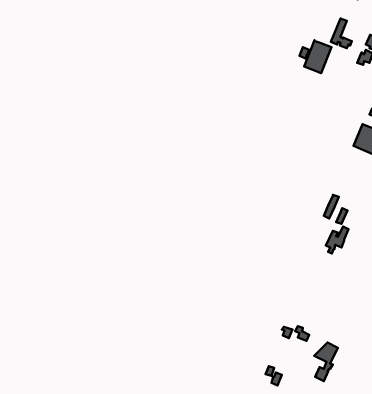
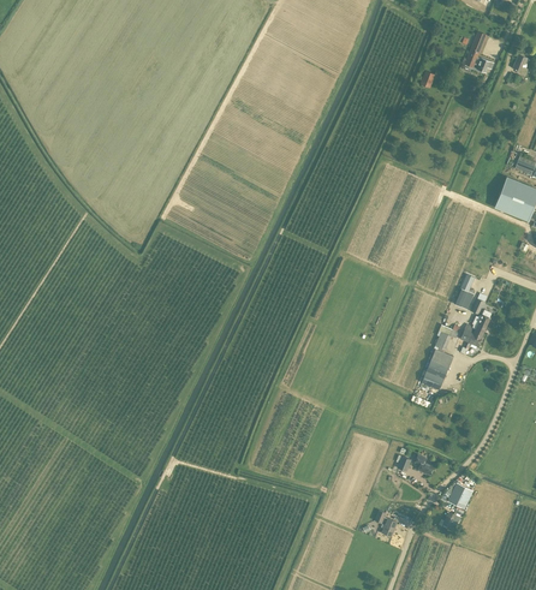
building: [304,40,332,73] -> none
building: none -> [422,324,460,389]

